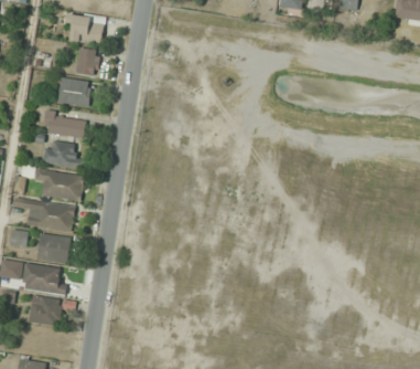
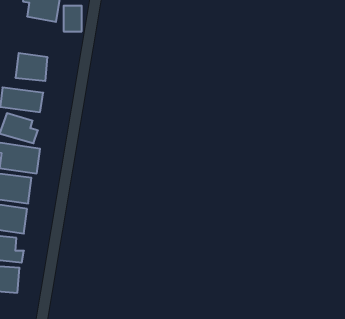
building: [76,49,95,75] -> [64,6,82,31]

